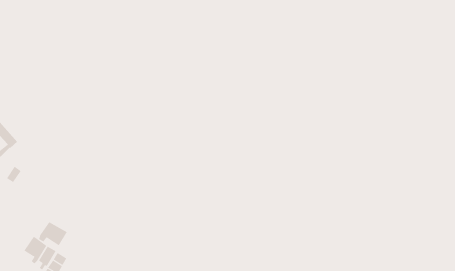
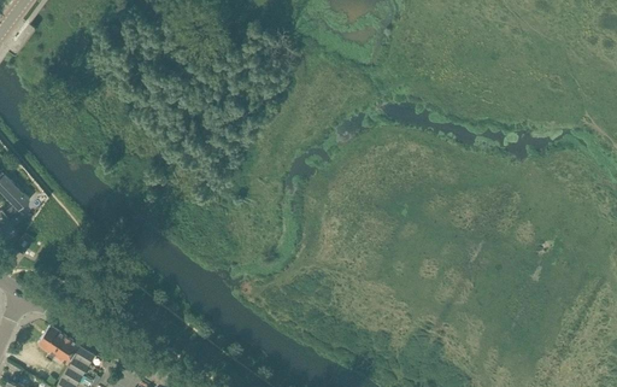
building: [39,221,68,246] -> none

